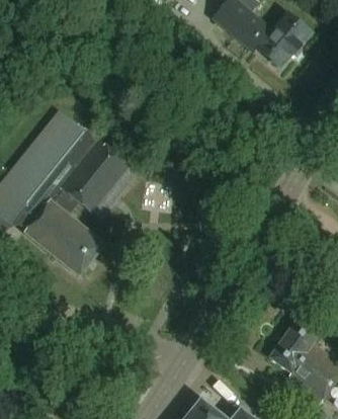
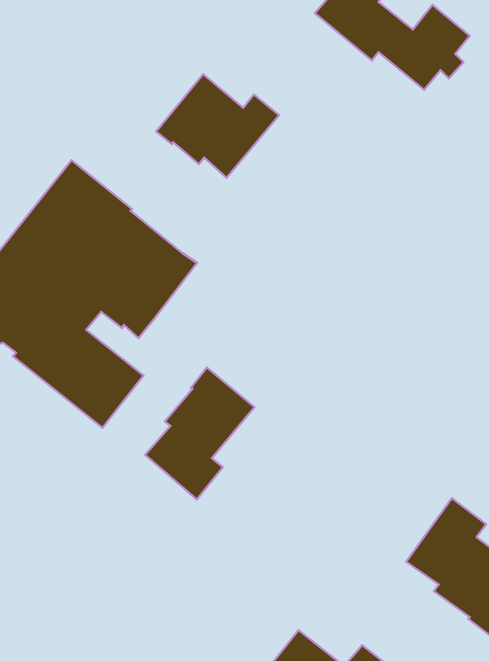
building: none -> [156,74,279,178]
building: none -> [145,368,254,499]

